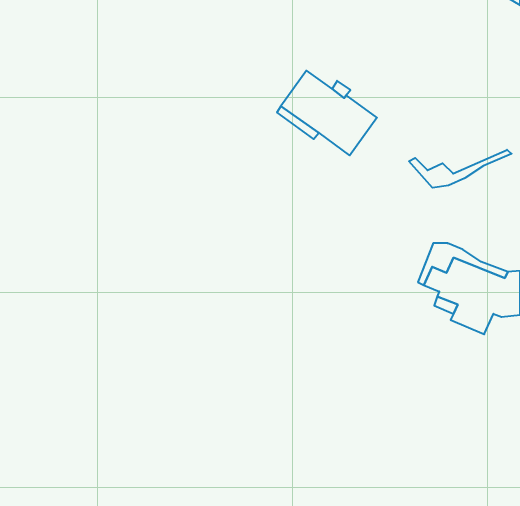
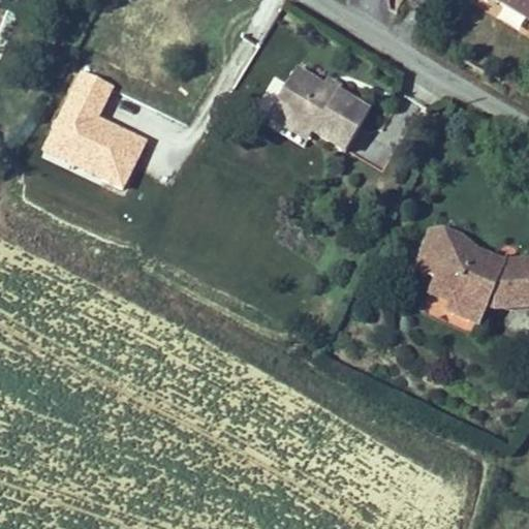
building: none -> [44,60,142,170]
building: [409,150,512,188] -> none

